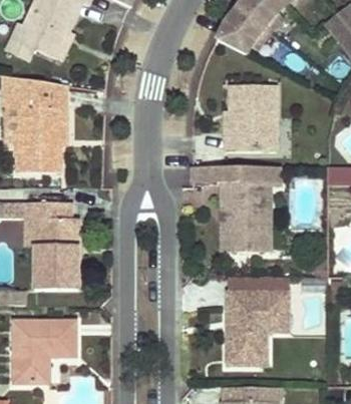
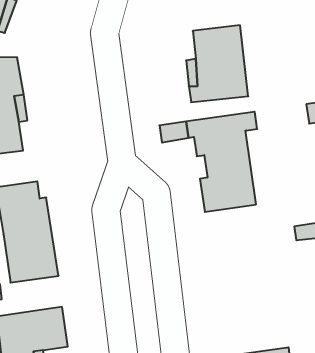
building: [226,276,288,366] -> none

